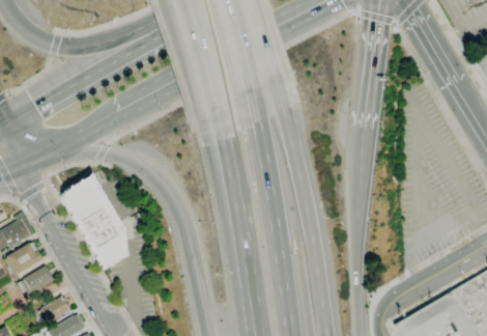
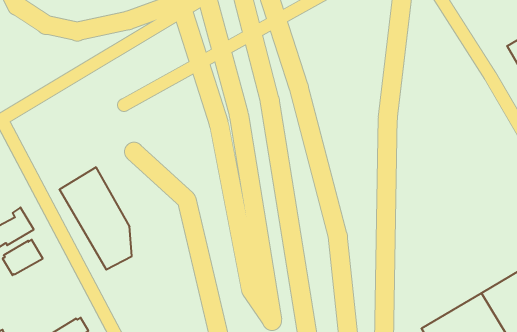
building: [19,265,55,295] -> none
building: [39,297,71,323] -> none

